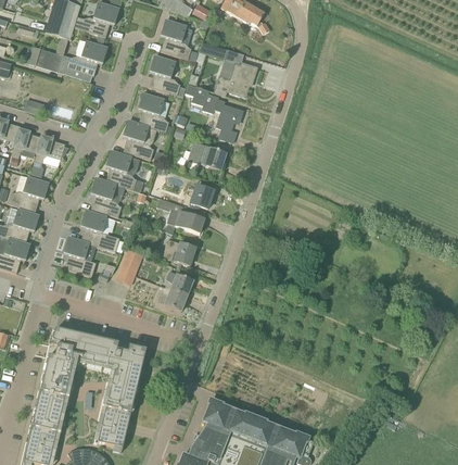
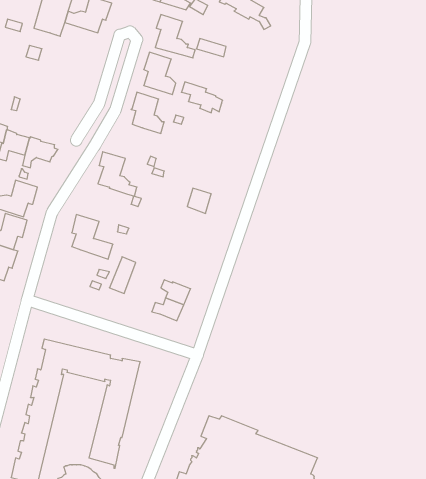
building: [65,40,106,75] -> none
building: [213,61,256,96] -> none
building: [216,103,242,141] -> none
building: [123,120,153,159] -> none
building: [187,140,225,169] -> none
building: [90,176,120,216] -> none
building: [164,208,204,232] -> none
building: [63,236,96,276] -> none
building: [162,238,194,265] -> none

